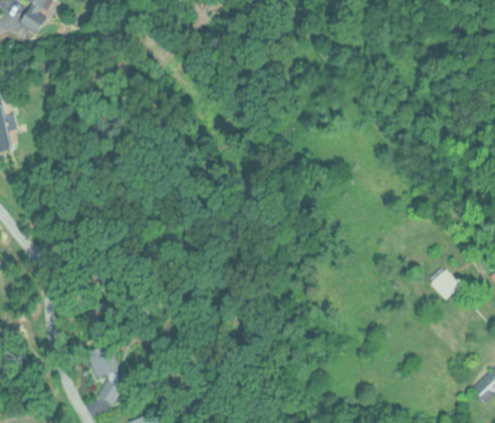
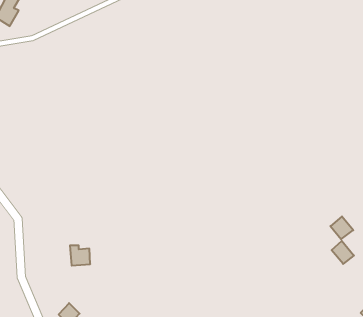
building: none -> [332,241,354,264]
building: [90,351,115,376] -> [70,245,90,266]

